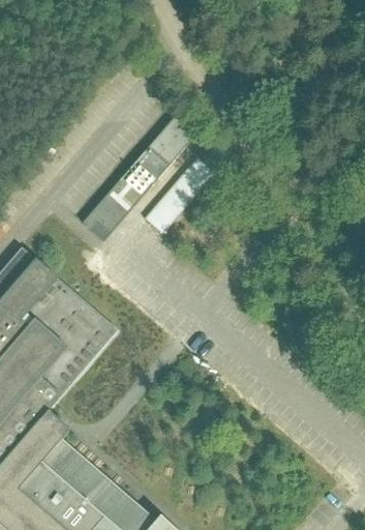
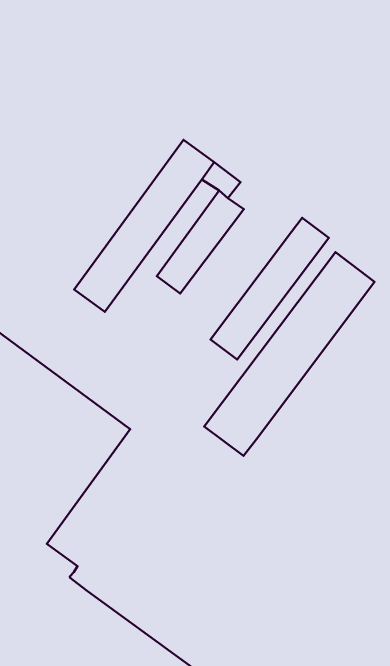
building: none -> [211,218,329,359]
building: none -> [204,252,375,456]

